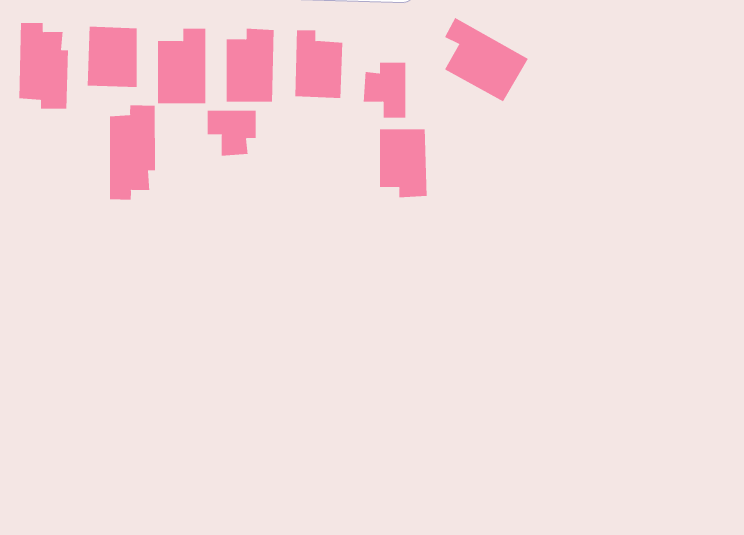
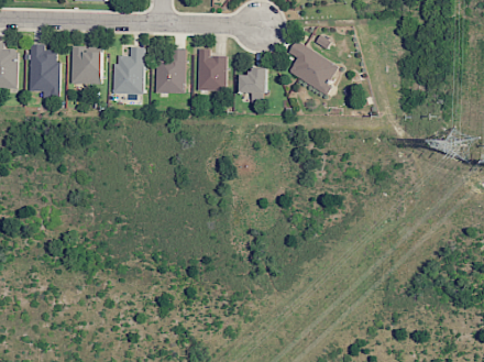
building: [109,105,155,200] -> none
building: [207,110,256,157] -> none
building: [380,129,427,198] -> none

